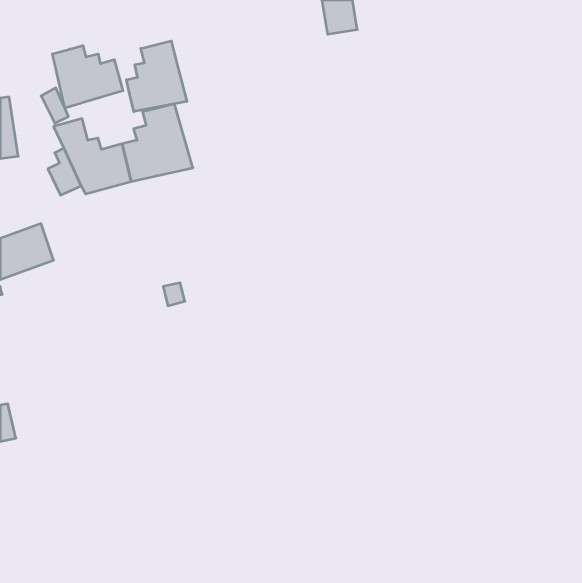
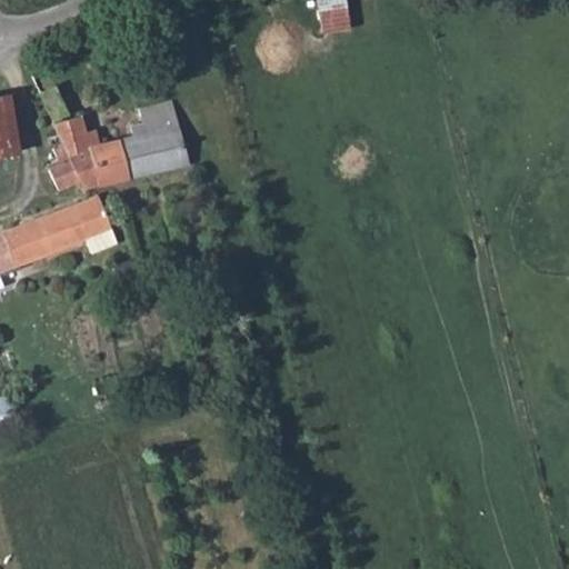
building: [126,41,187,112] -> none
building: [52,46,123,108] -> none
building: none -> [41,194,118,253]

